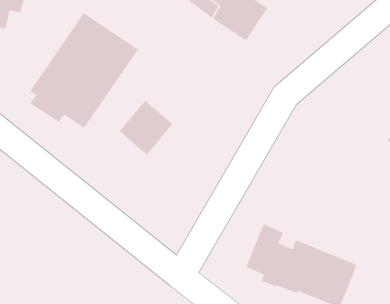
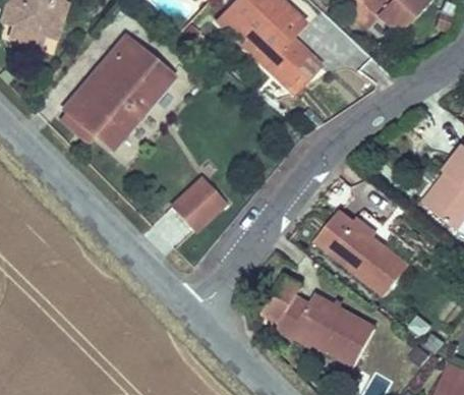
building: [119,100,173,156] -> [170,176,227,234]
building: none -> [314,210,410,298]

